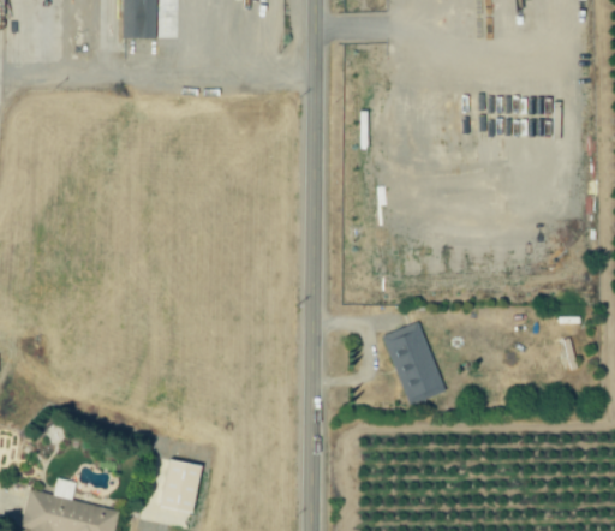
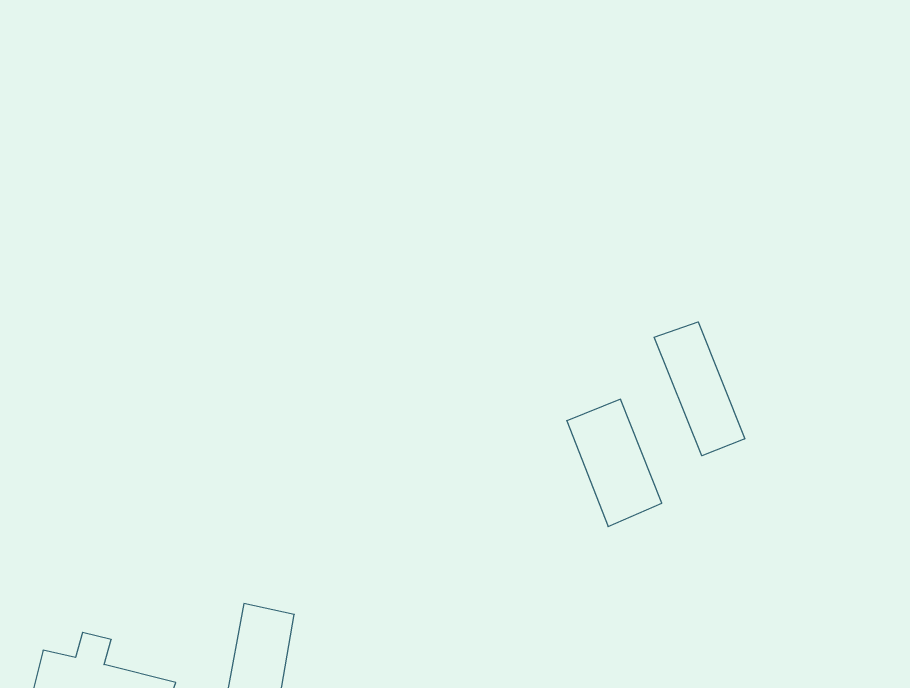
building: none -> [654,322,745,456]

